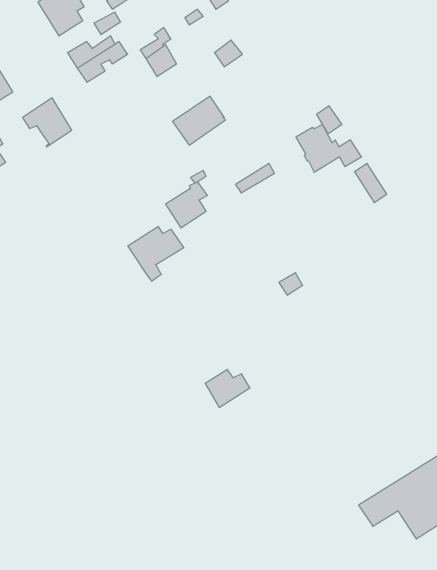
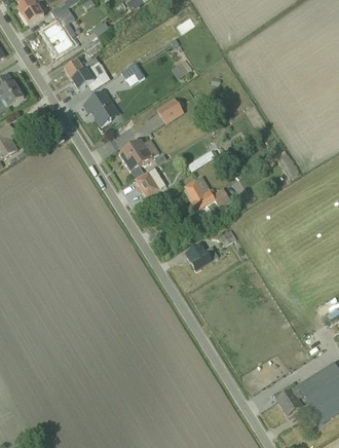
building: [23,98,72,147] -> [83,89,119,125]
building: [296,125,362,172] -> [183,176,231,211]
building: [128,227,184,281] -> [118,138,159,178]
building: [205,370,250,407] -> [185,242,218,270]

